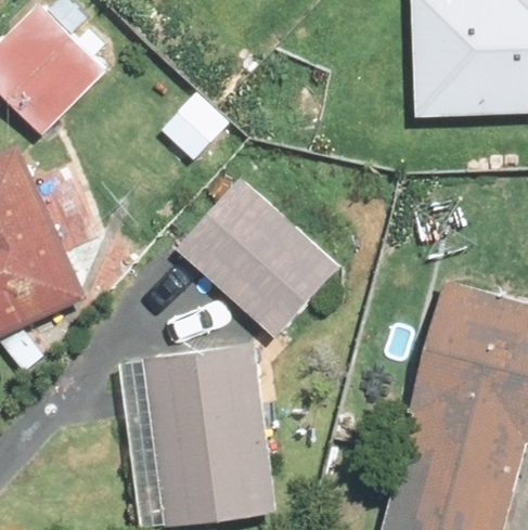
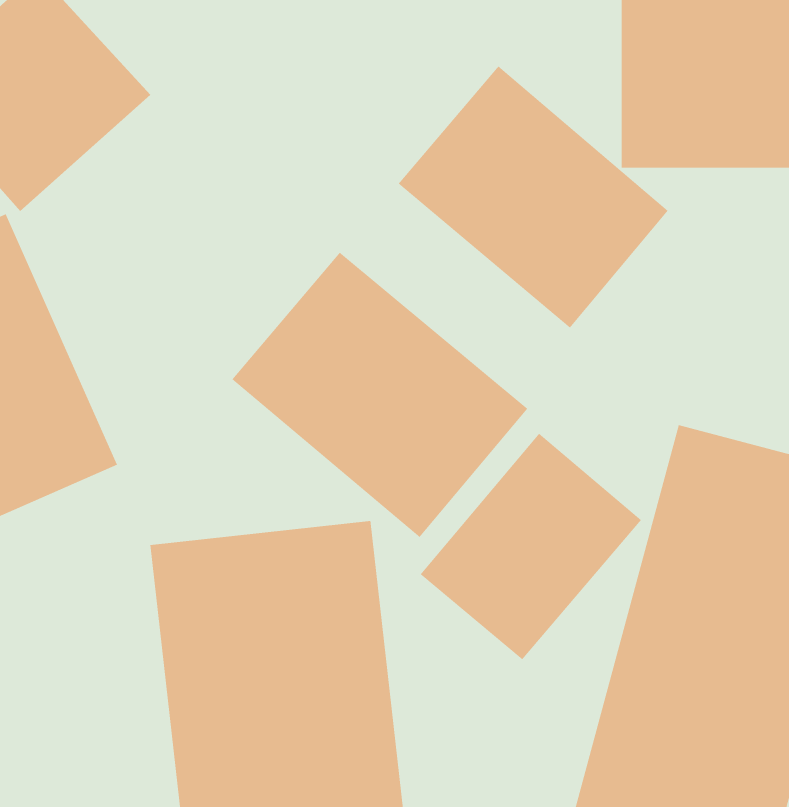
building: none -> [398,65,669,329]
building: none -> [420,433,642,660]

